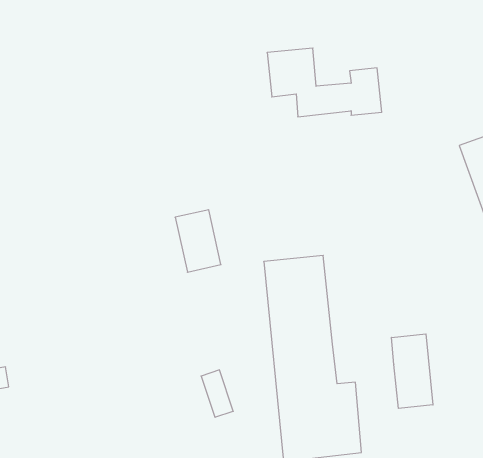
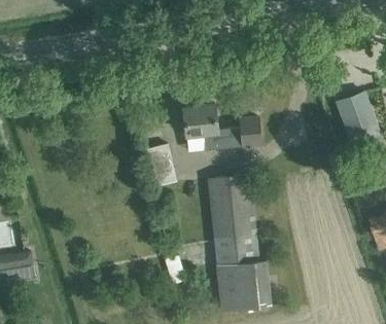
building: [267,48,382,117] -> [184,103,261,149]
building: [391,334,433,408] -> none

